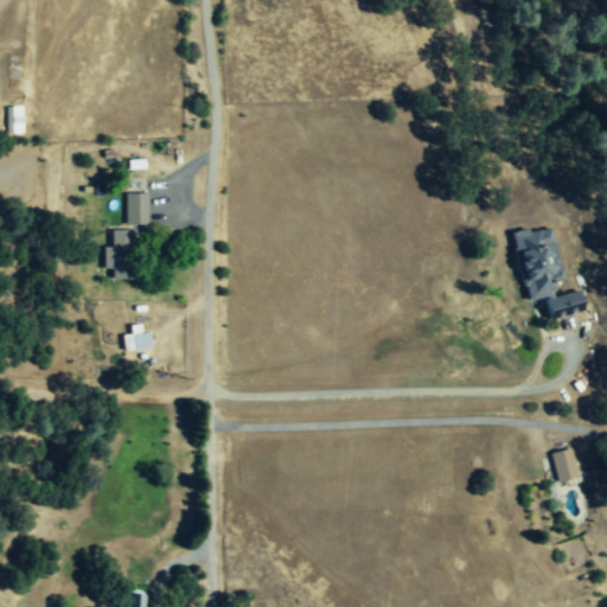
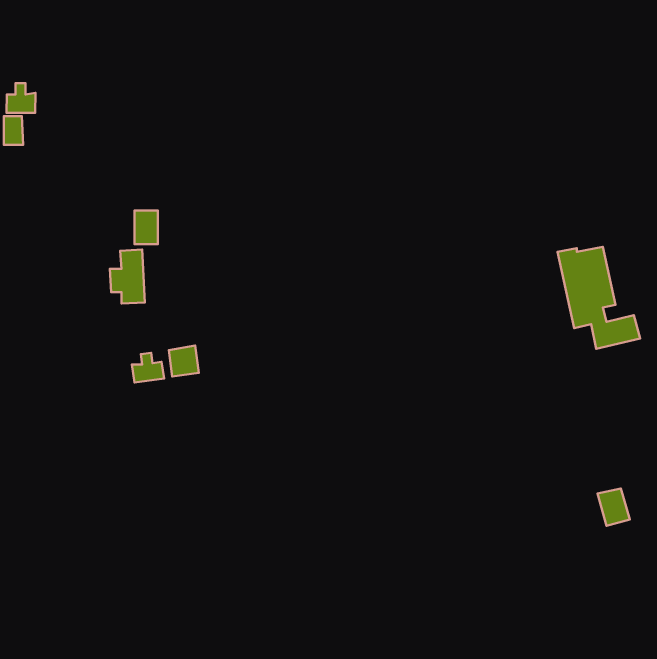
building: none -> [7,83,35,113]
building: none -> [169,346,199,376]

